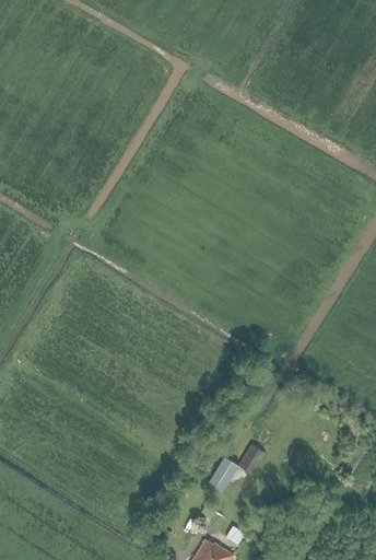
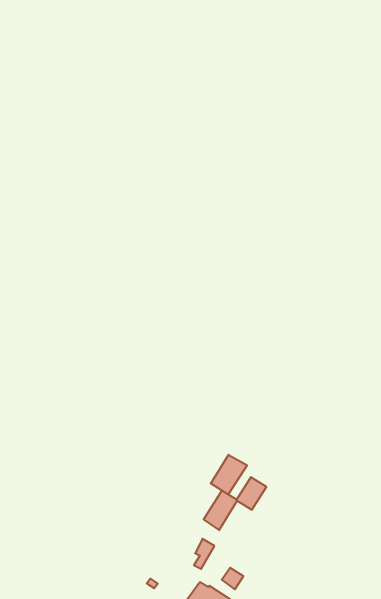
building: none -> [211,455,247,494]

